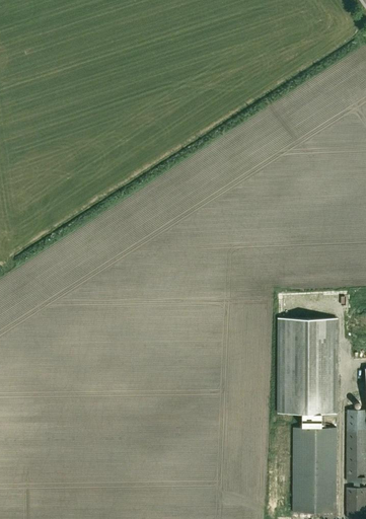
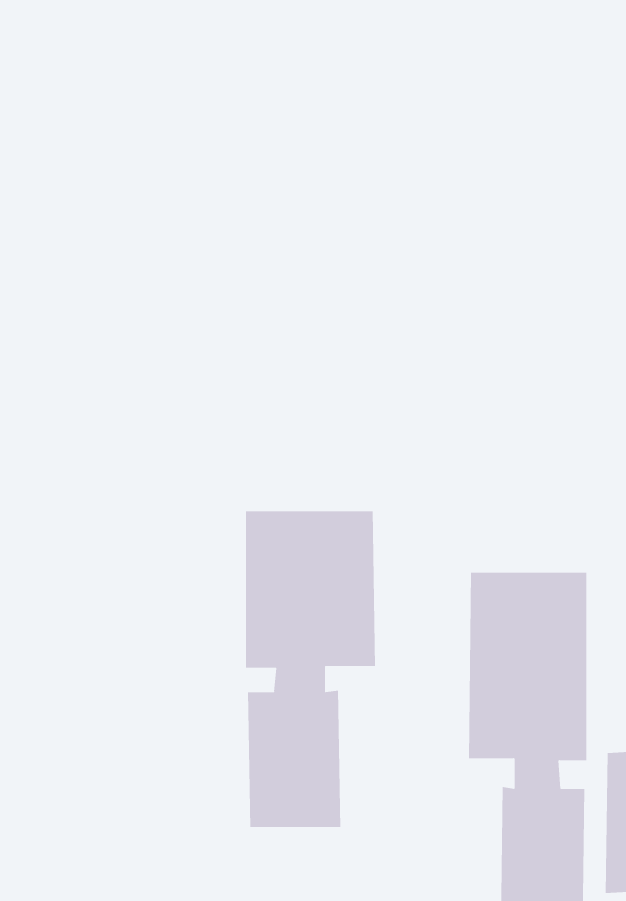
building: none -> [245,511,375,828]

